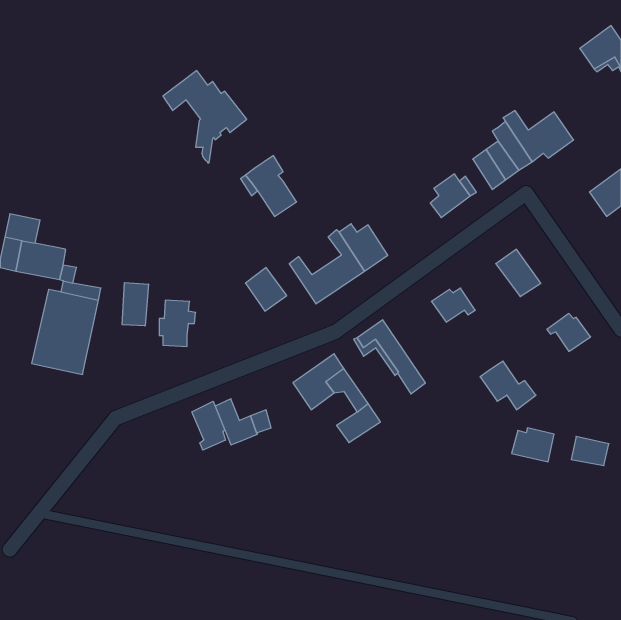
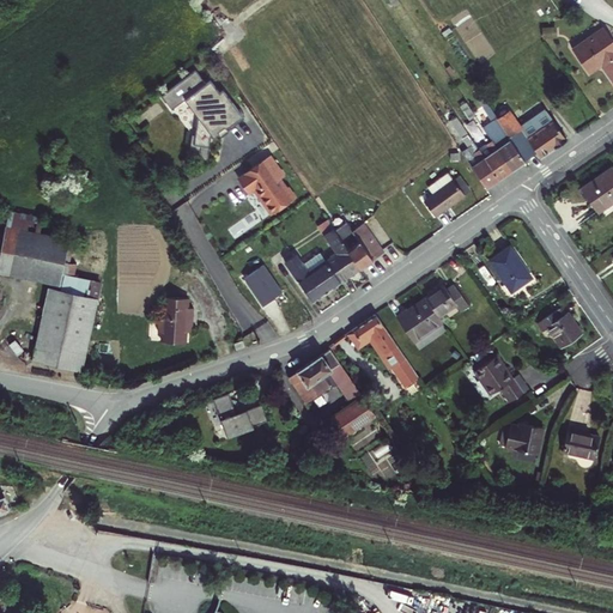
building: [122,283,148,326] -> none
building: none -> [396,298,443,344]
building: [192,401,225,450] -> none

